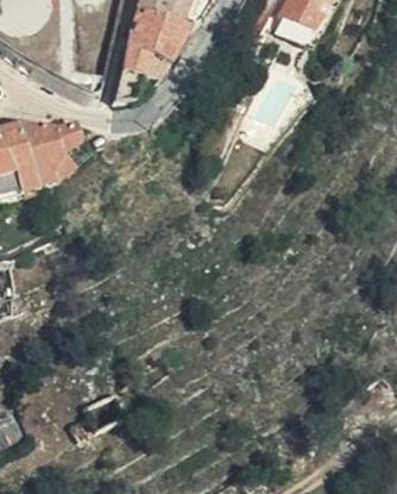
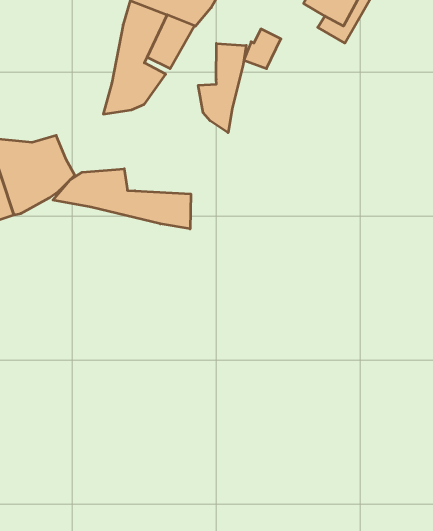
building: none -> [198,43,246,133]
building: none -> [53,169,191,229]

